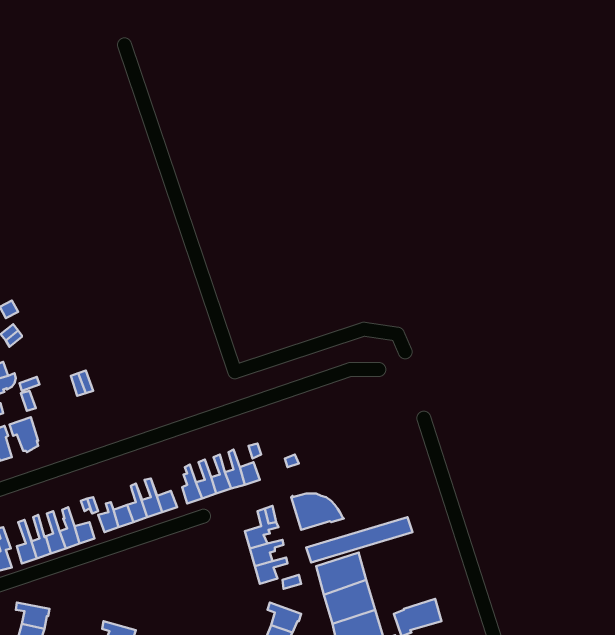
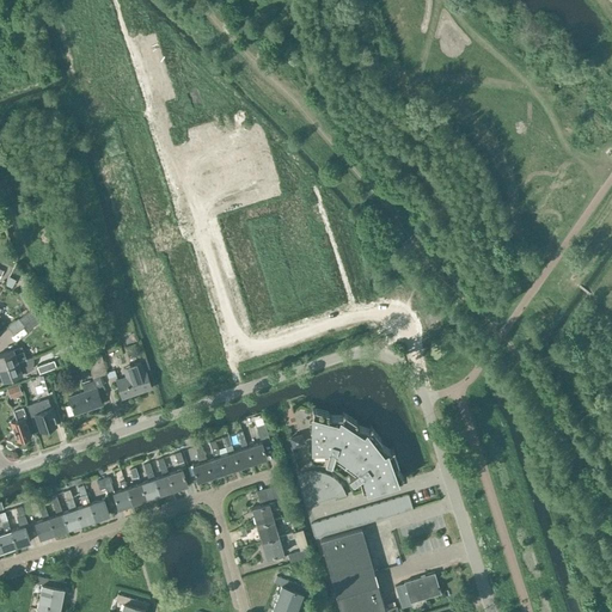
building: none -> [116,363,151,399]
building: none -> [66,382,102,417]
building: none -> [312,409,406,492]

